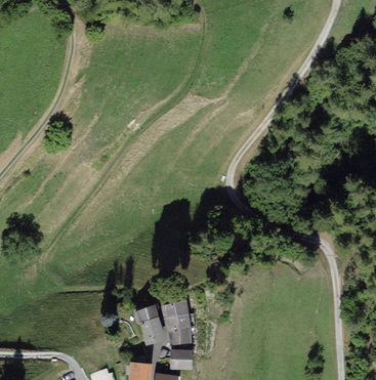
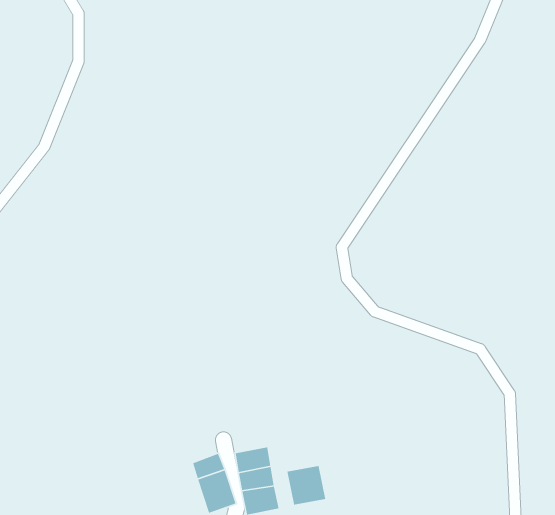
building: none -> [287,465,326,506]

